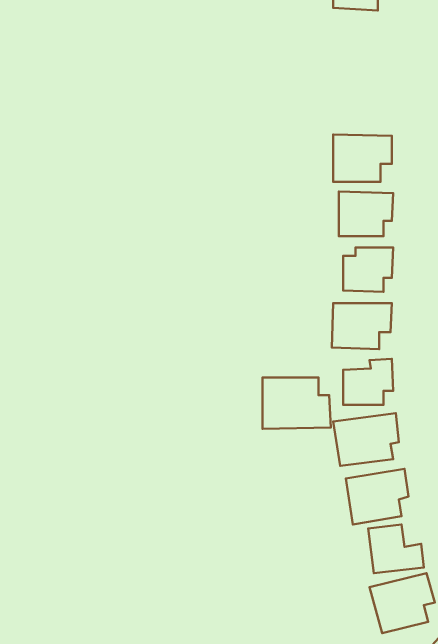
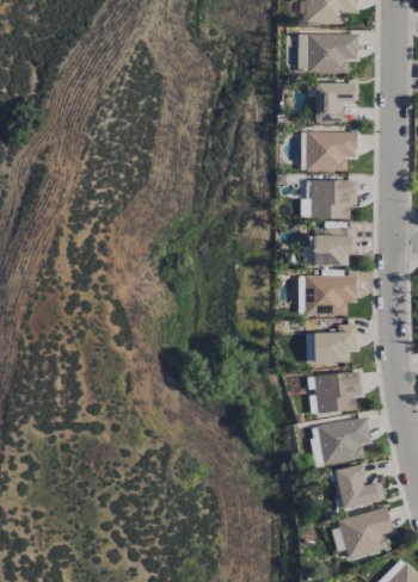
building: none -> [307,33,358,74]
building: none -> [314,82,356,122]
building: [262,377,331,429] -> none

